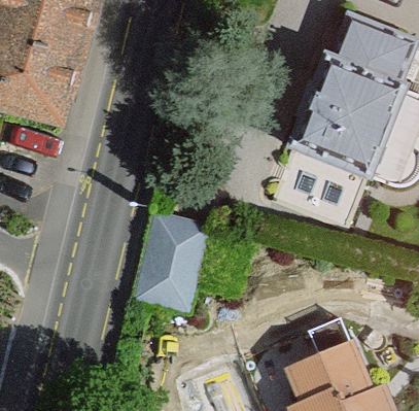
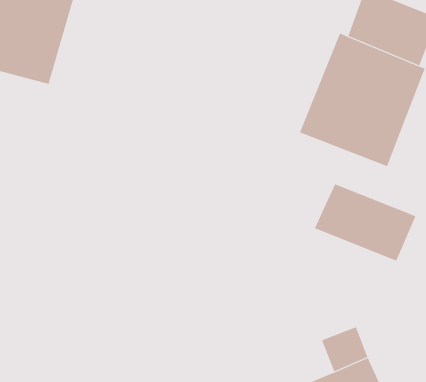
building: none -> [314,183,416,262]
building: [133,214,210,313] -> none

